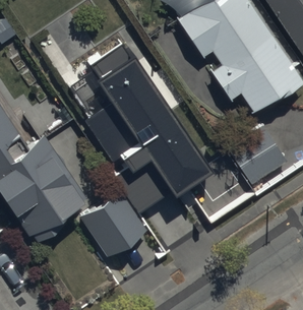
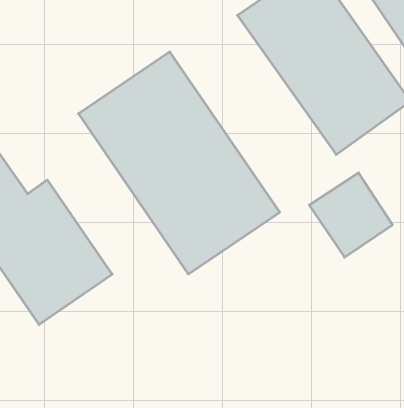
building: [84,196,149,261] -> none

